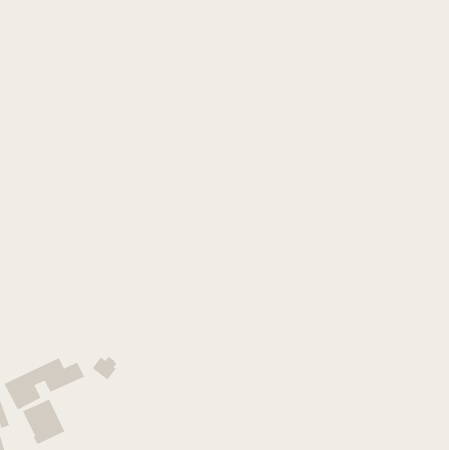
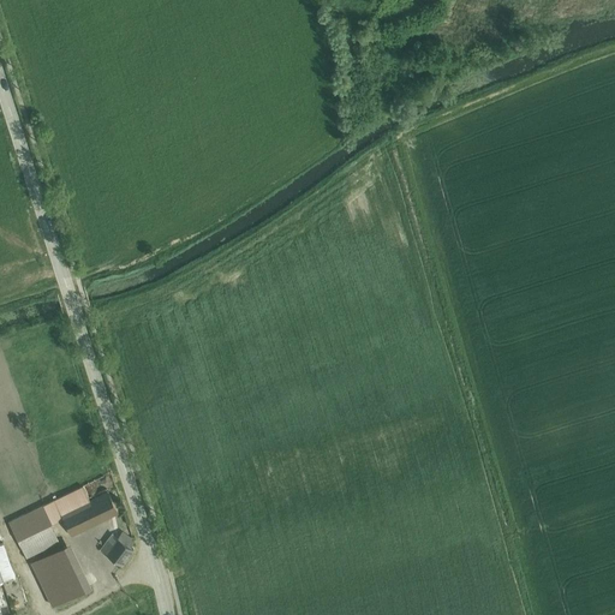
building: [92,356,117,380] -> [97,533,132,567]

